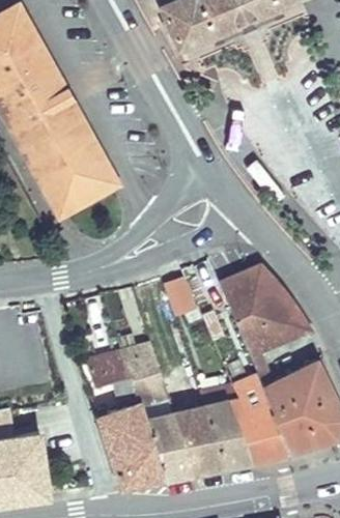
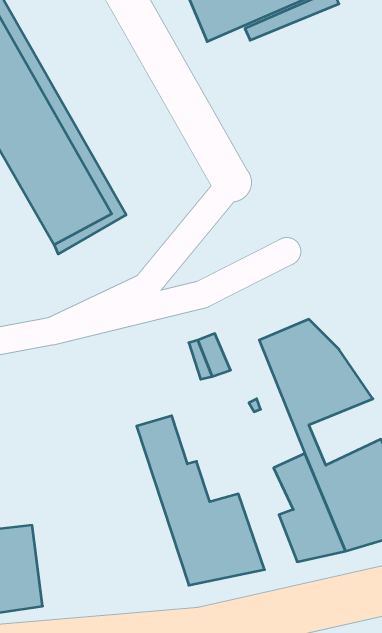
building: [85,351,164,486] -> none
building: [203,398,250,465] -> none

